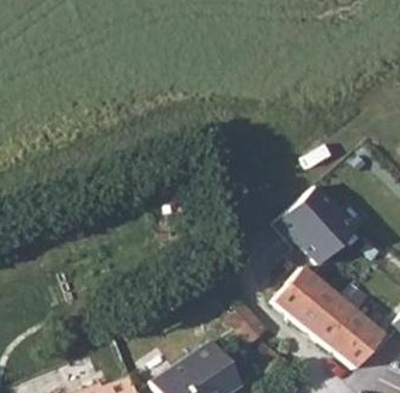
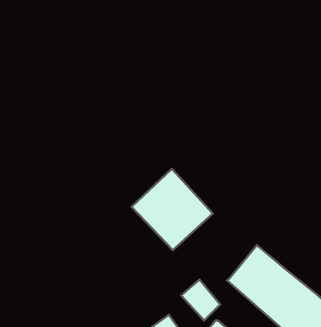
building: [277,183,362,268] -> [132,169,213,250]

